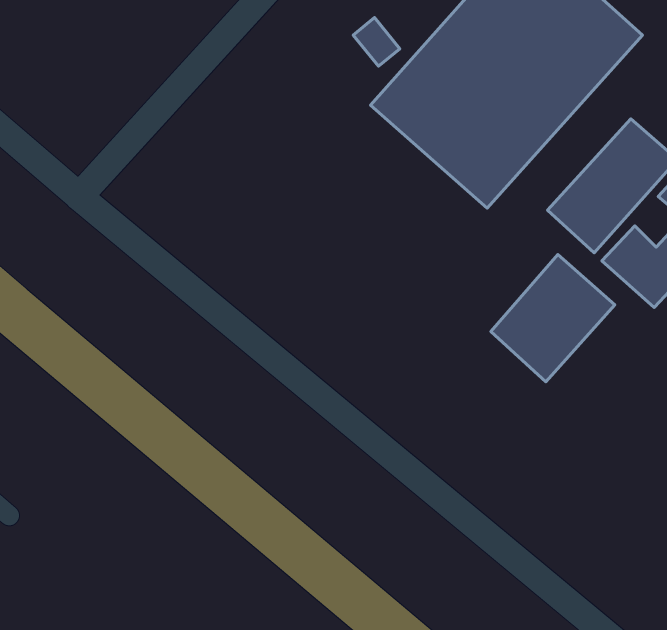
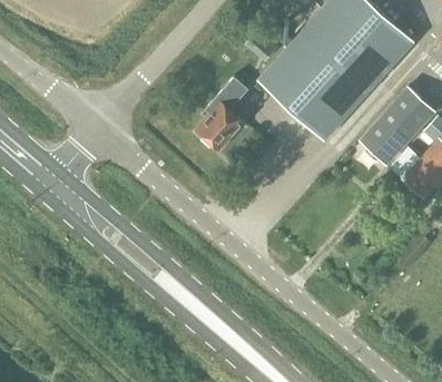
building: none -> [196,77,247,149]
building: [491,255,615,382] -> none

